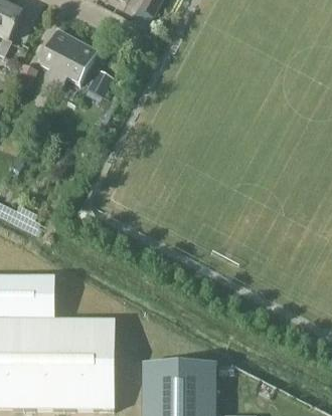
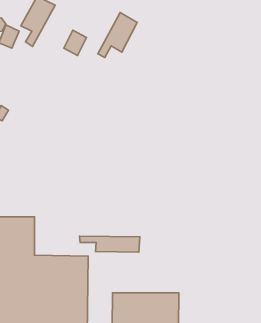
building: [51,38,96,88] -> [98,13,137,57]
building: none -> [80,236,140,252]

